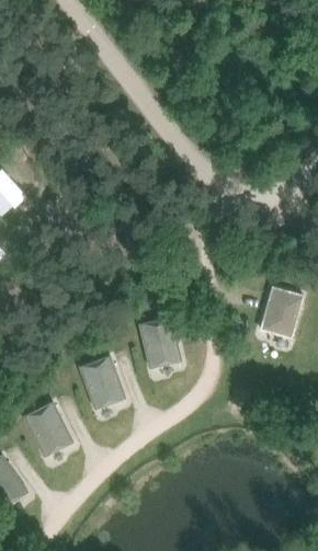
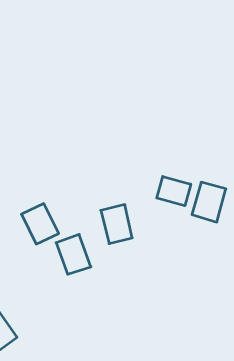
building: none -> [157,176,191,206]
building: [23,401,72,455] -> [21,204,59,244]

